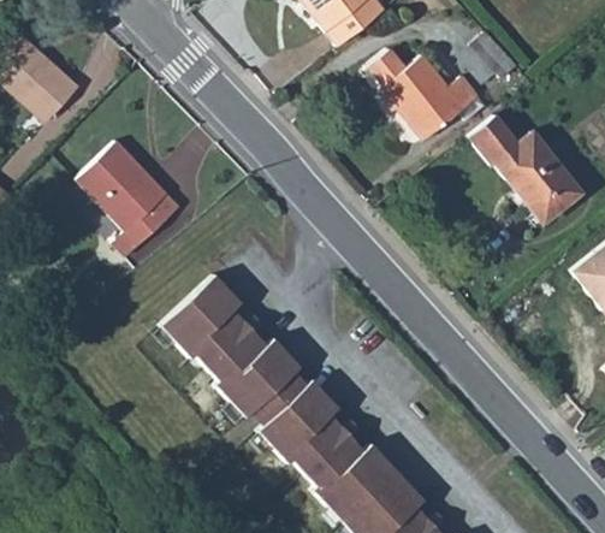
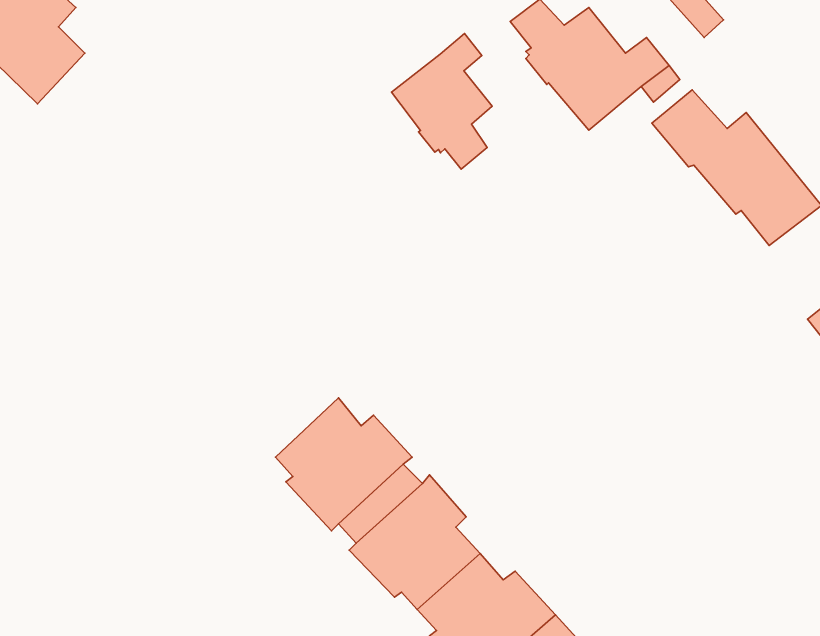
building: none -> [392,34,492,169]
building: [77,142,178,257] -> none
building: [161,274,251,367] -> none

